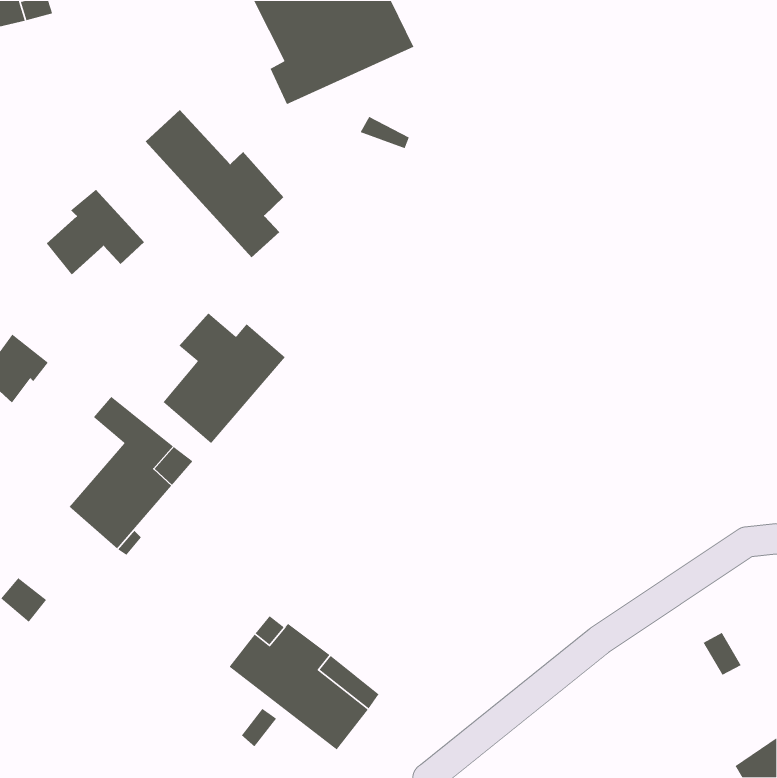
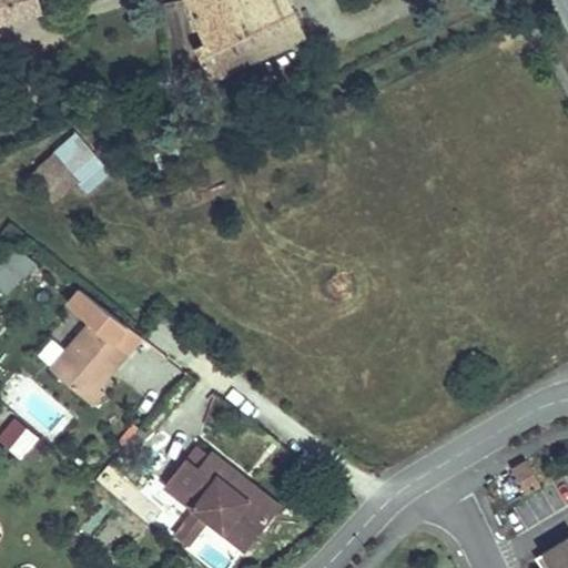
building: [145,109,284,258] -> none
building: [163,313,286,444] -> none

